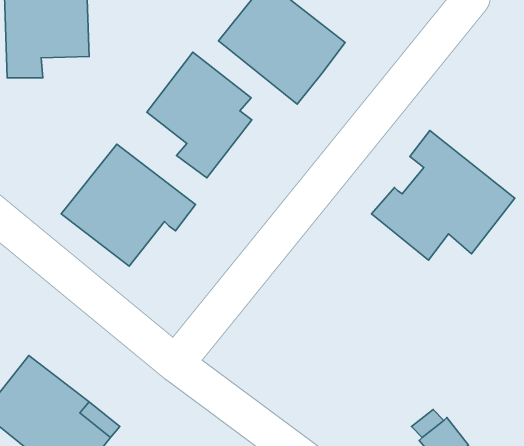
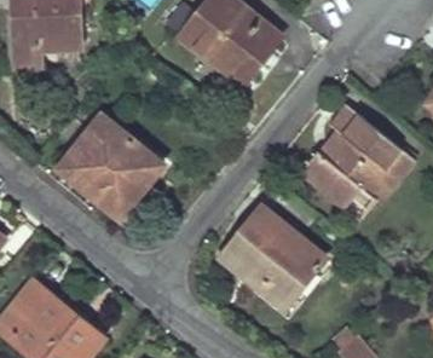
building: [147,52,252,178] -> none
building: none -> [223,207,324,296]

